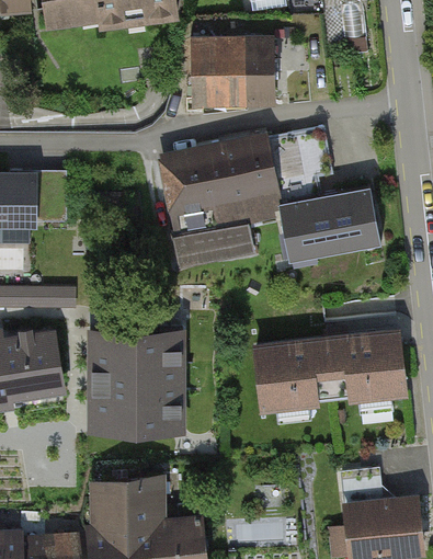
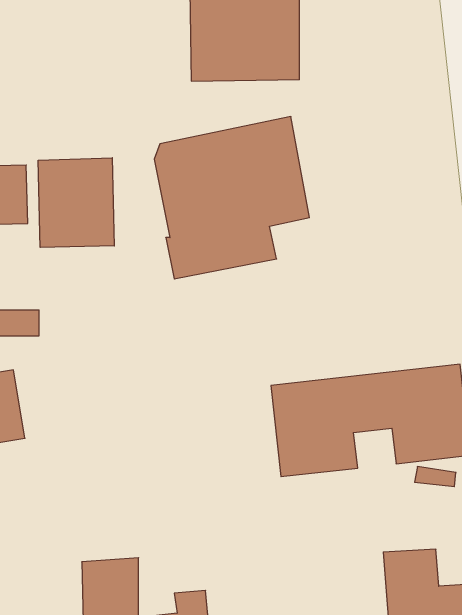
building: [266,128,380,255] -> none
building: none -> [38,158,114,247]
building: [95,331,182,431] -> none

